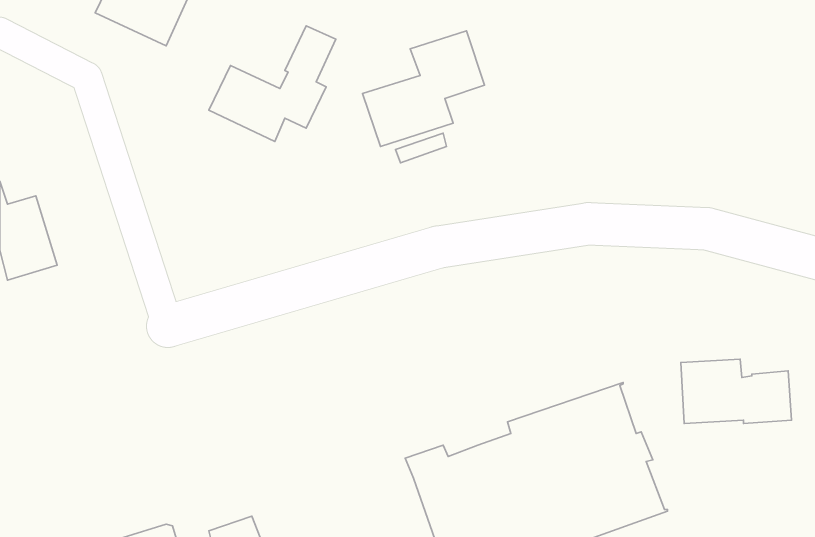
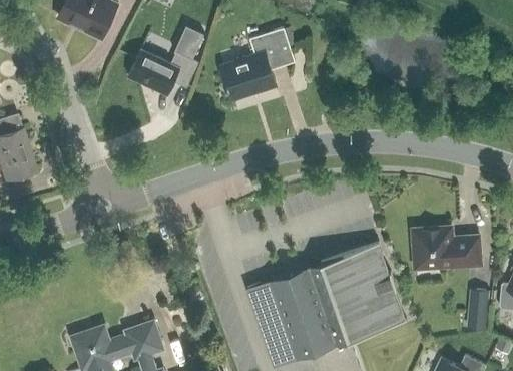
building: none -> [465,289,489,330]

